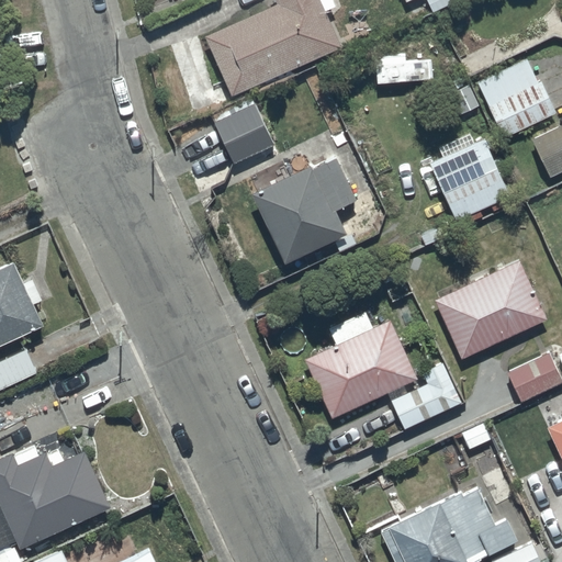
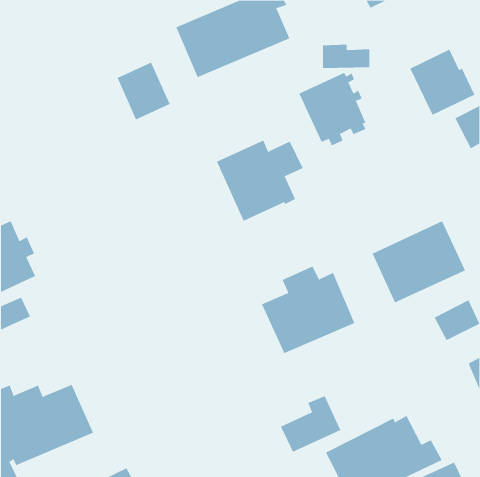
building: [211,97,273,165] -> [117,62,170,120]
building: [429,138,508,225] -> [299,72,366,146]
building: [391,364,462,431] -> [280,395,341,453]

